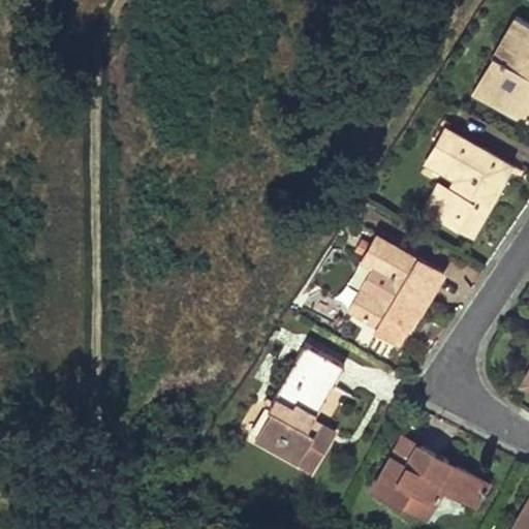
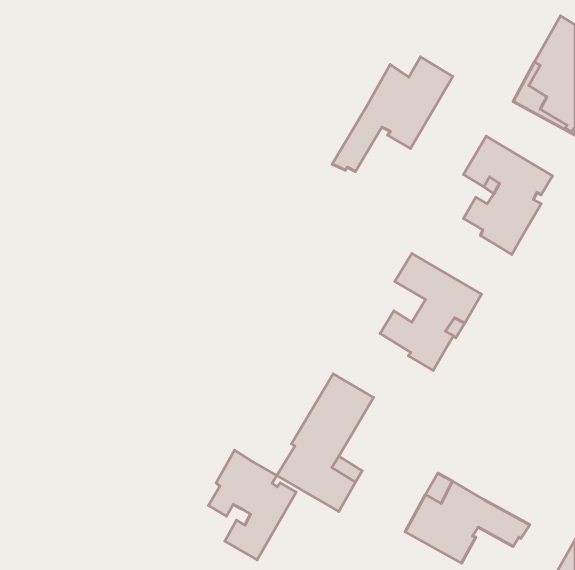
building: none -> [332,57,453,171]
building: none -> [209,450,296,560]

